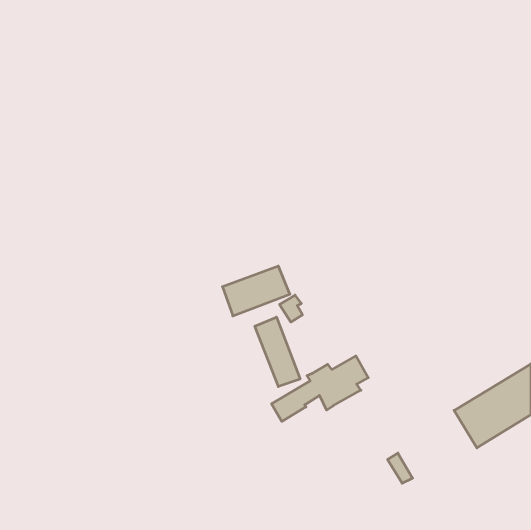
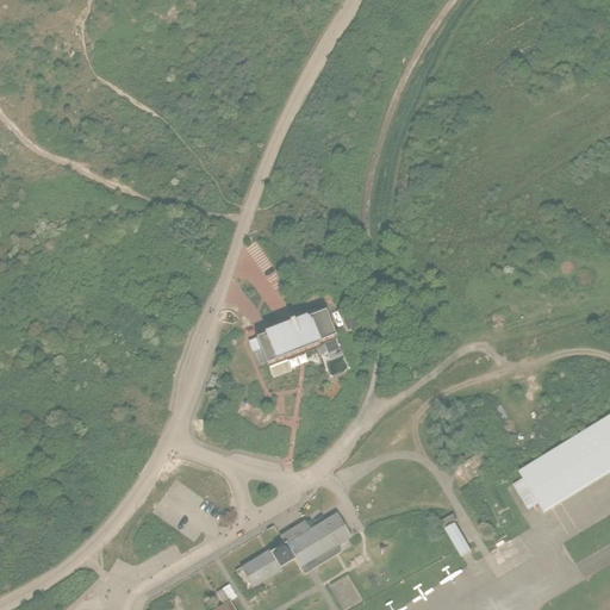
building: [255,317,300,387] -> none
building: [272,356,368,421] -> [241,510,351,585]

